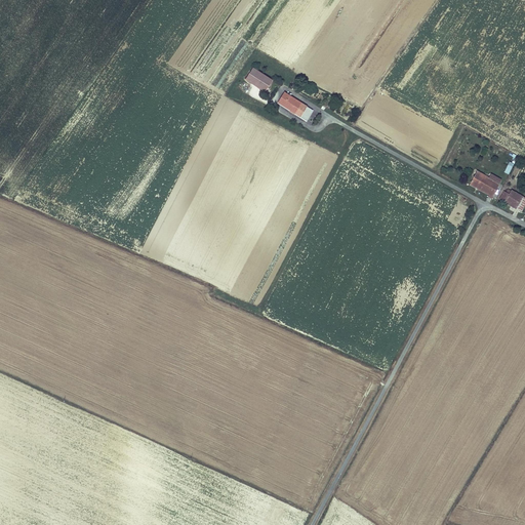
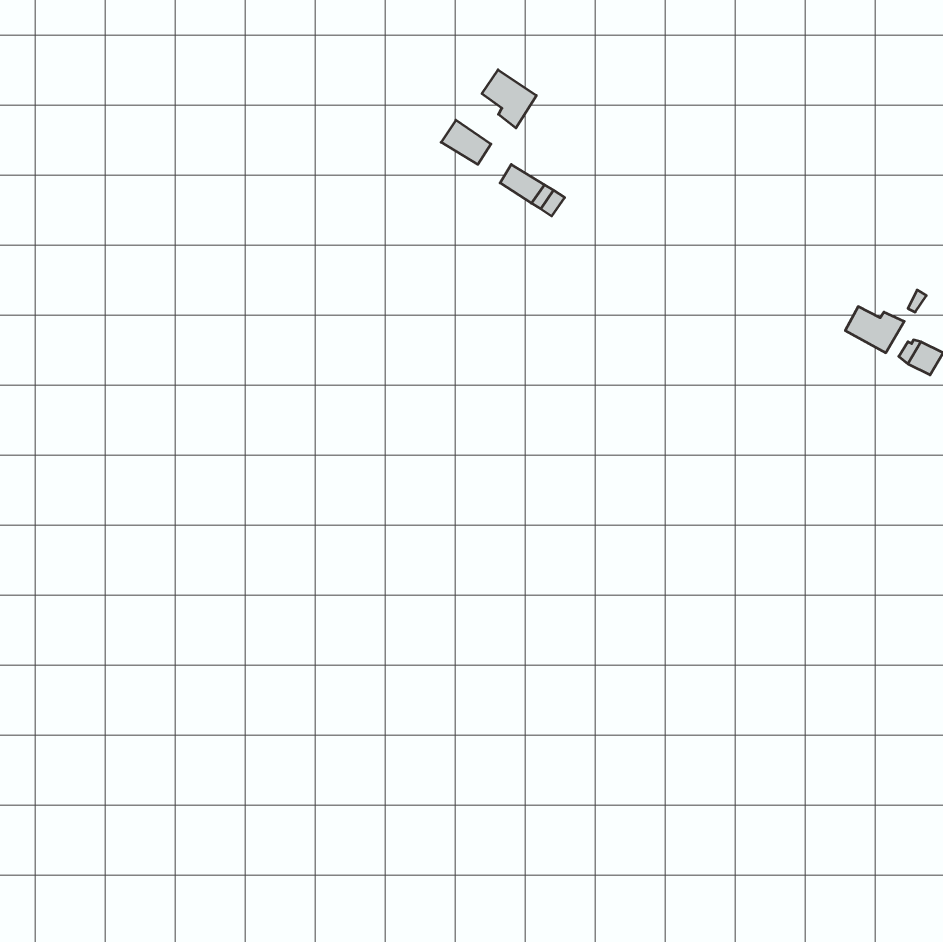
building: none -> [482,70,536,128]

